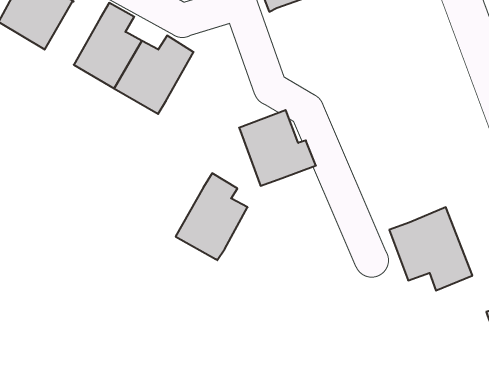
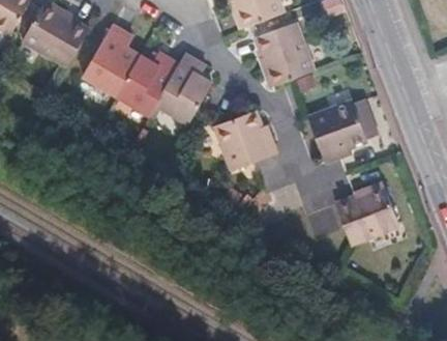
building: none -> [251,24,312,87]
building: none -> [308,104,367,162]
building: [176,173,248,260] -> [156,50,215,121]

